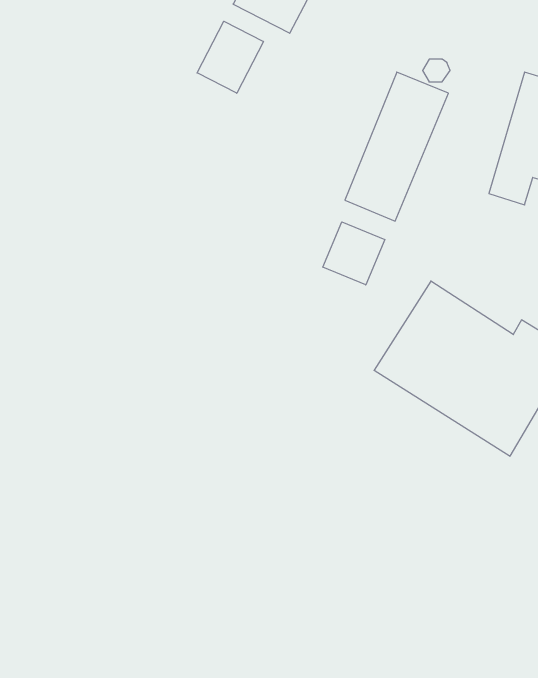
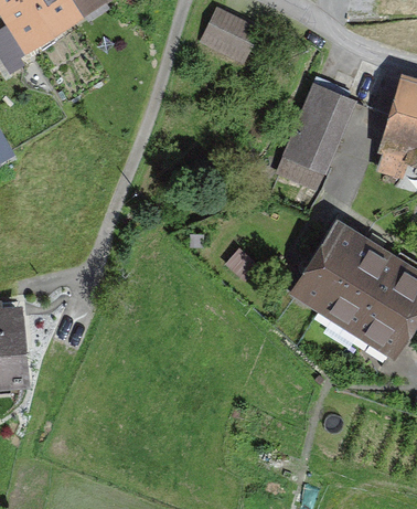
building: [197,21,263,93] -> none
building: [323,222,385,285] -> none

